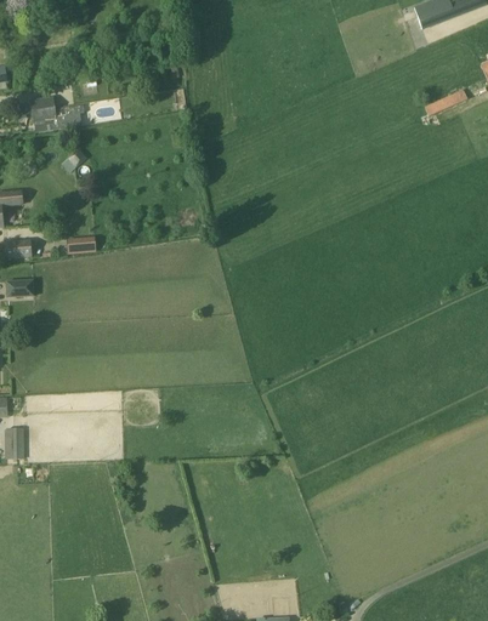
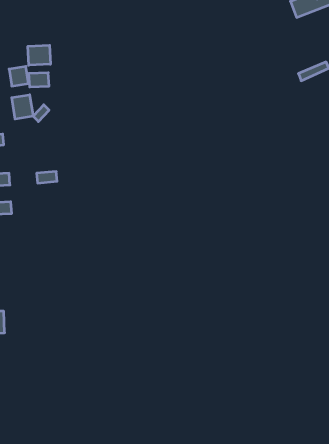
building: none -> [28,45,50,65]
building: none -> [12,95,33,119]

